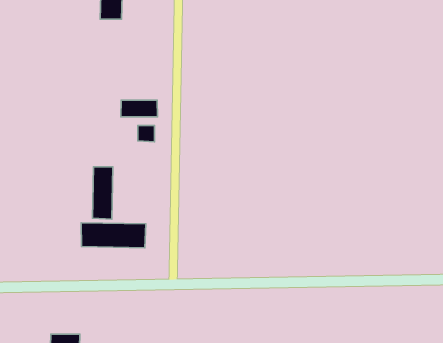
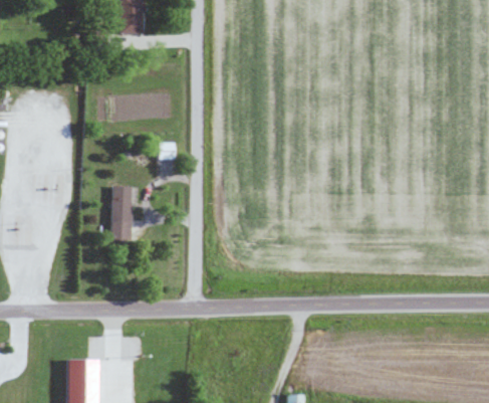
building: [121,100,158,117] -> none
building: [81,223,146,248] -> none

